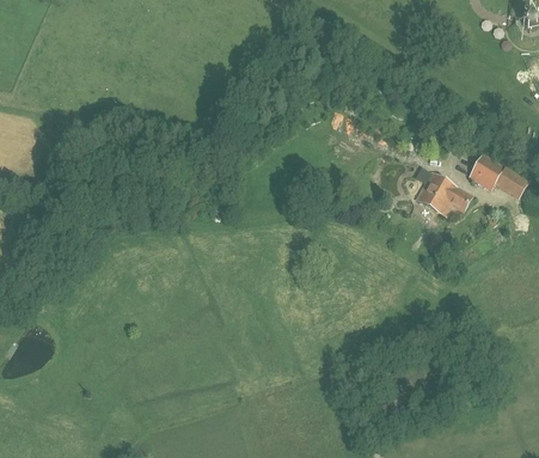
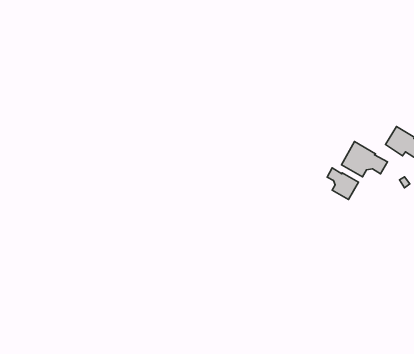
building: none -> [327,168,358,199]

